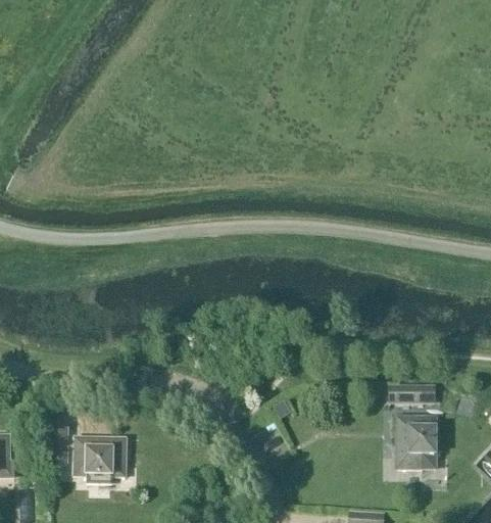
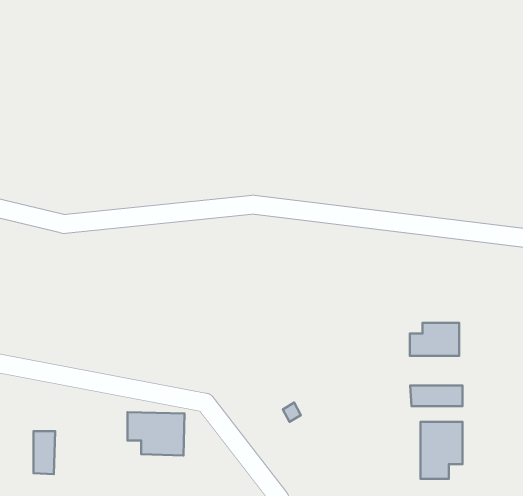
building: none -> [410,323,459,356]
building: [75,437,126,476] -> [128,412,185,455]

